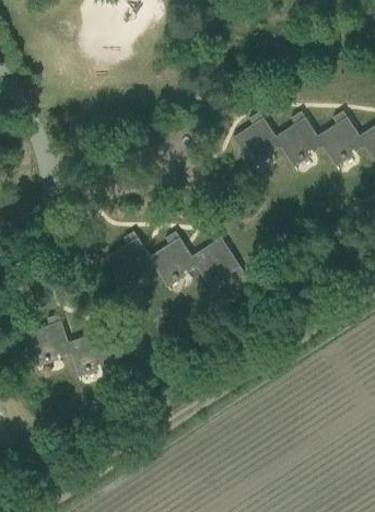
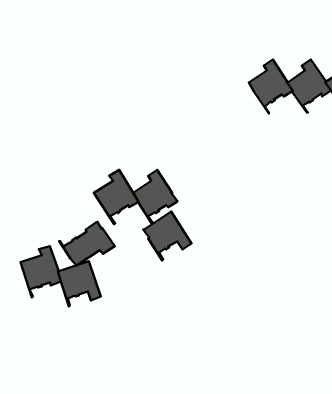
building: [233,114,281,172] -> none
building: [191,238,244,292] -> [143,211,191,261]
building: none -> [59,222,115,265]

